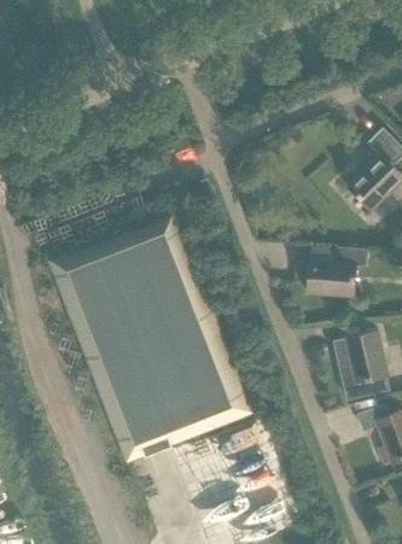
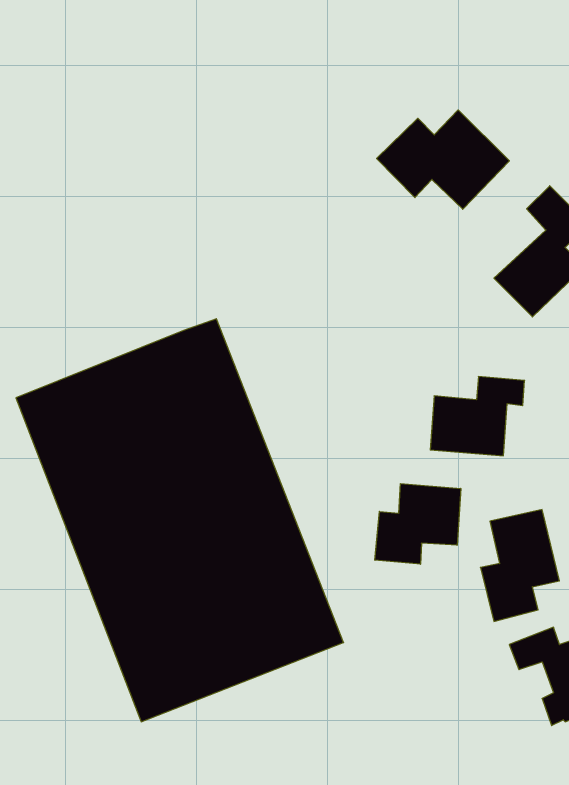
building: none -> [377,110,509,209]
building: none -> [375,484,461,564]

